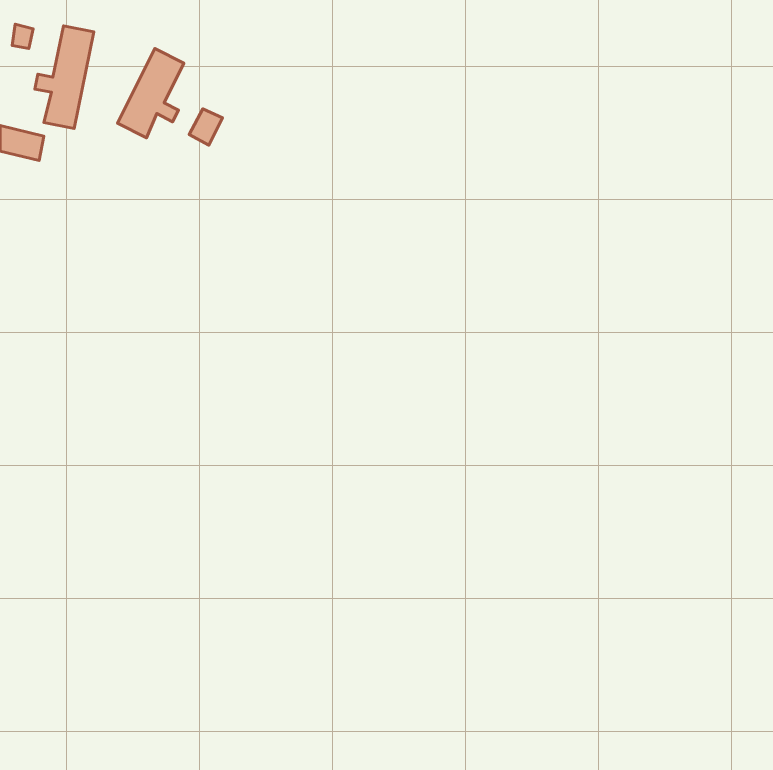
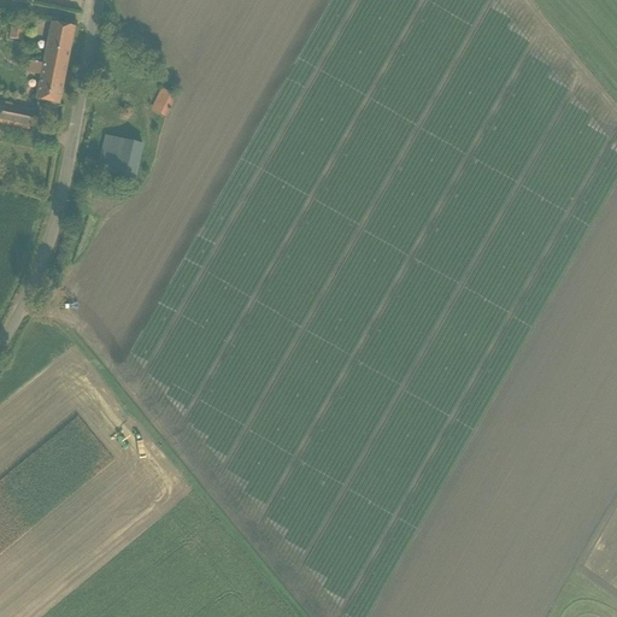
building: [117,49,184,138] -> none
building: none -> [96,134,145,181]

